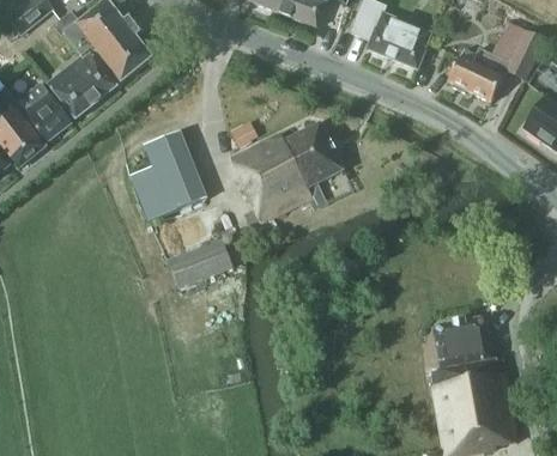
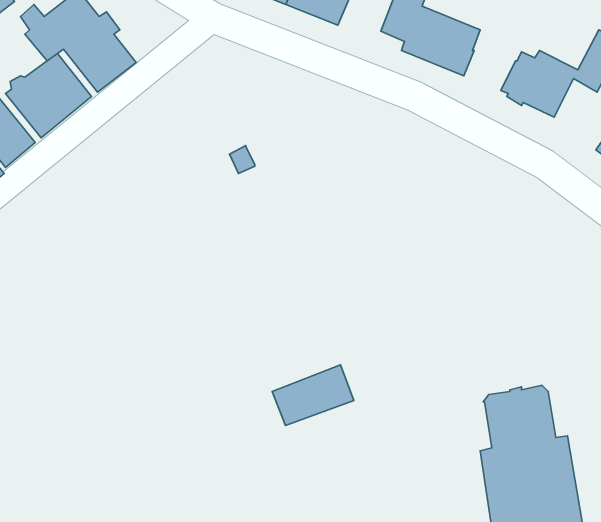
building: [229,123,341,237] -> none
building: [132,130,211,223] -> none
building: [167,236,232,285] -> [272,365,354,426]

